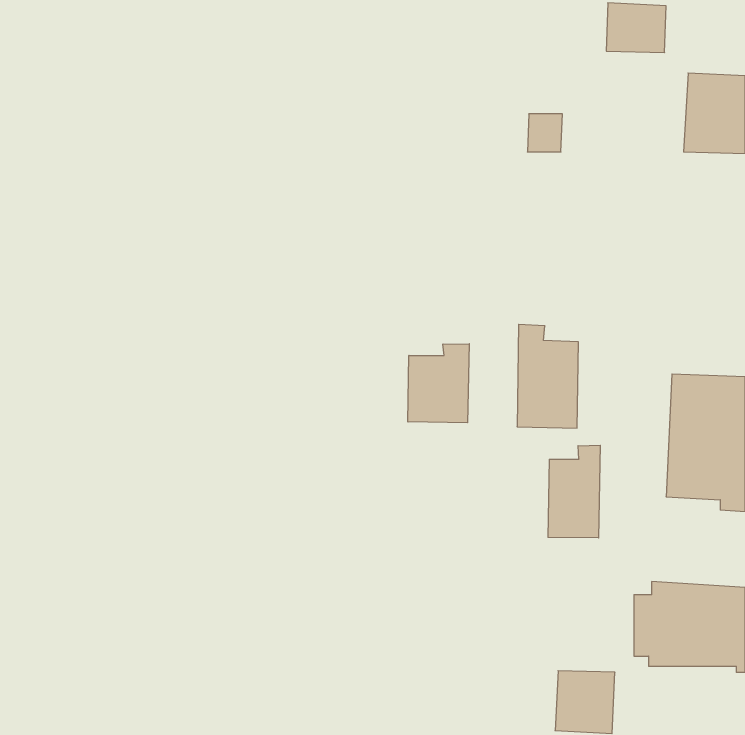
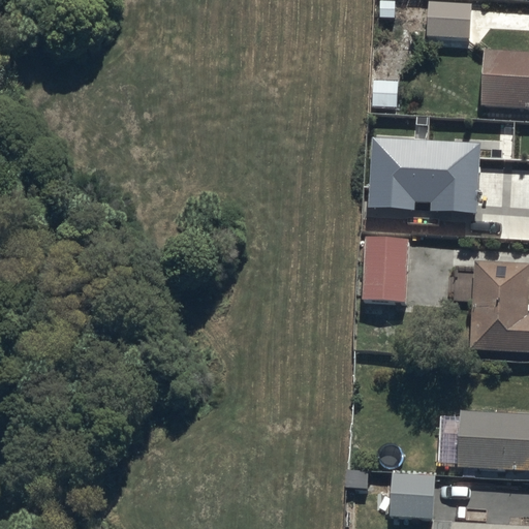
building: none -> [368,129,480,205]
building: [408,344,469,423] -> none
building: [548,445,600,538] -> none

